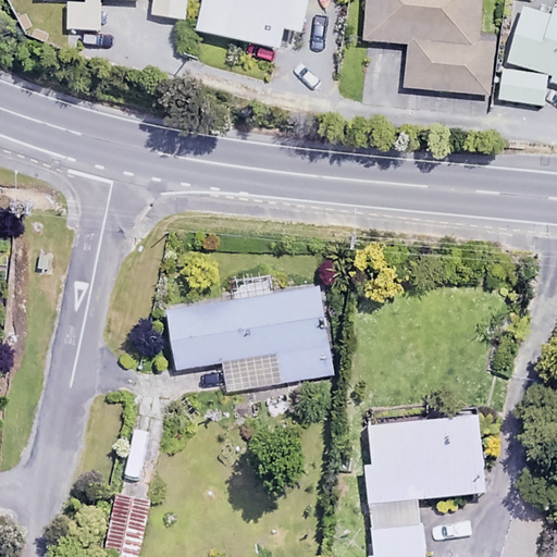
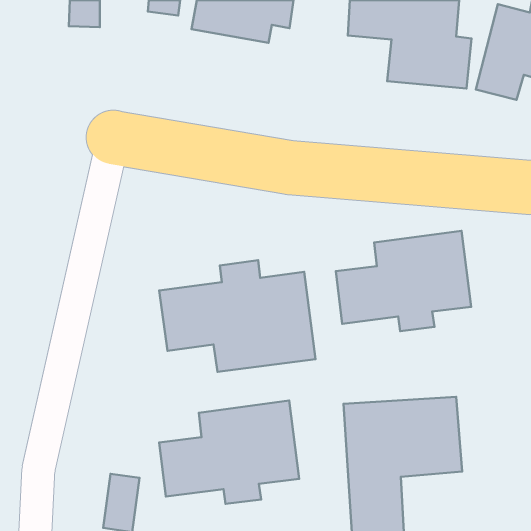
building: none -> [336,231,471,331]
building: none -> [159,401,299,504]

